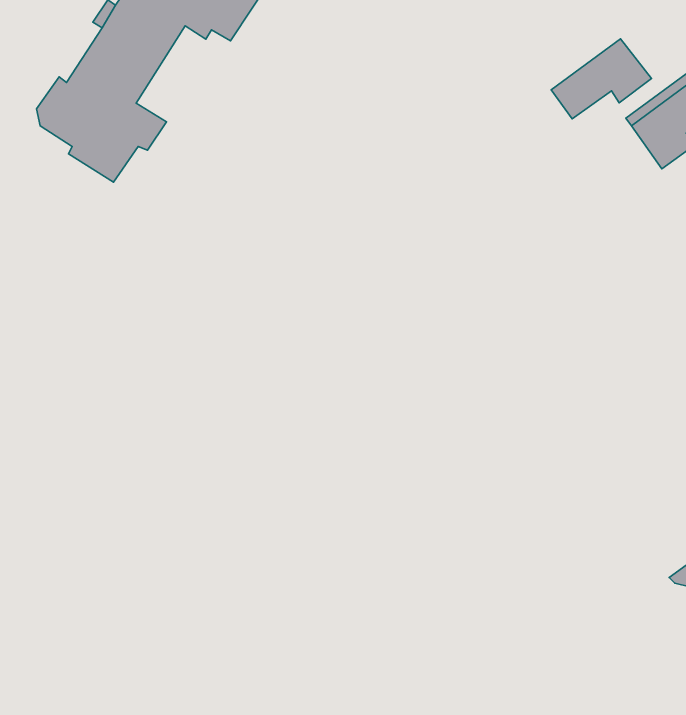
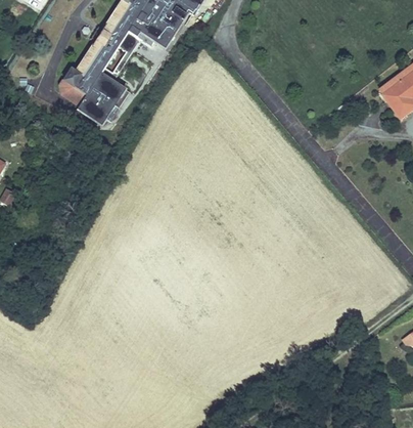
building: [551,39,651,119] -> none

